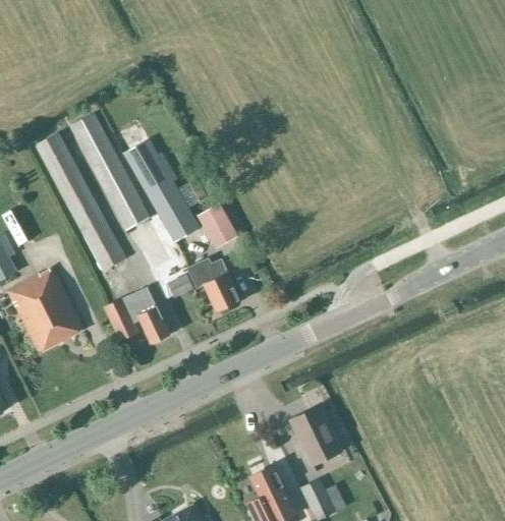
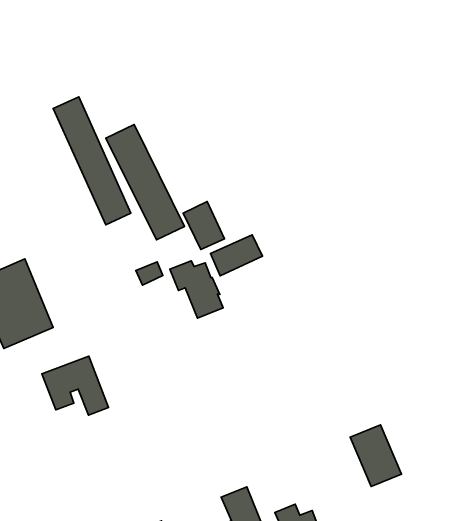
building: [36,133,125,271] -> none
building: none -> [210,235,263,276]
building: [105,288,169,343] -> [42,356,109,415]
building: [291,407,341,465] -> [350,425,401,487]

